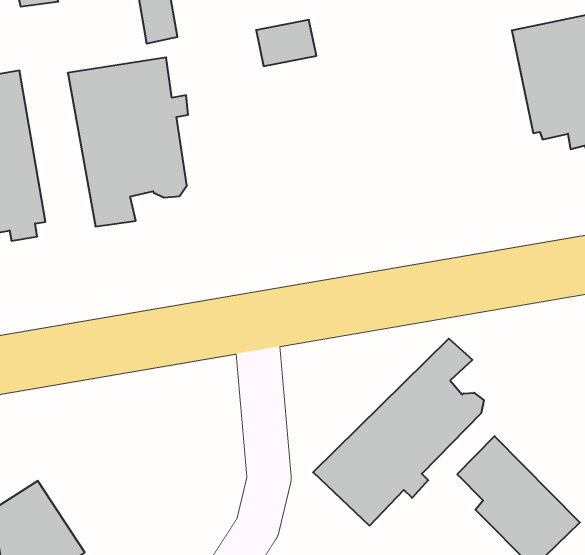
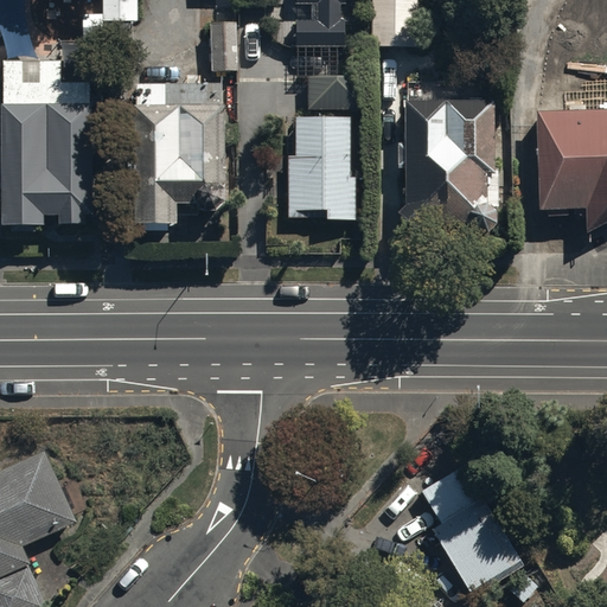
building: none -> [396,102,498,235]
building: none -> [286,115,356,219]
building: [313,339,484,526] -> none

